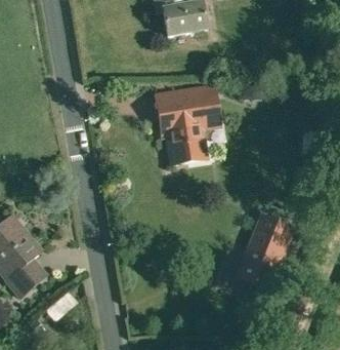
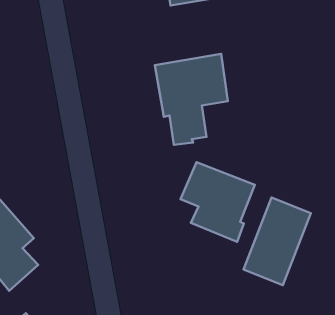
building: none -> [181,162,255,242]

